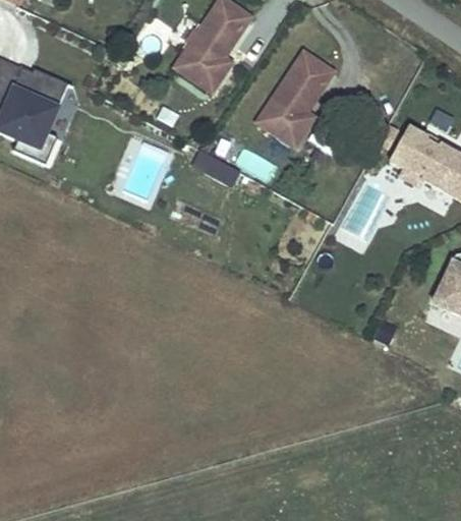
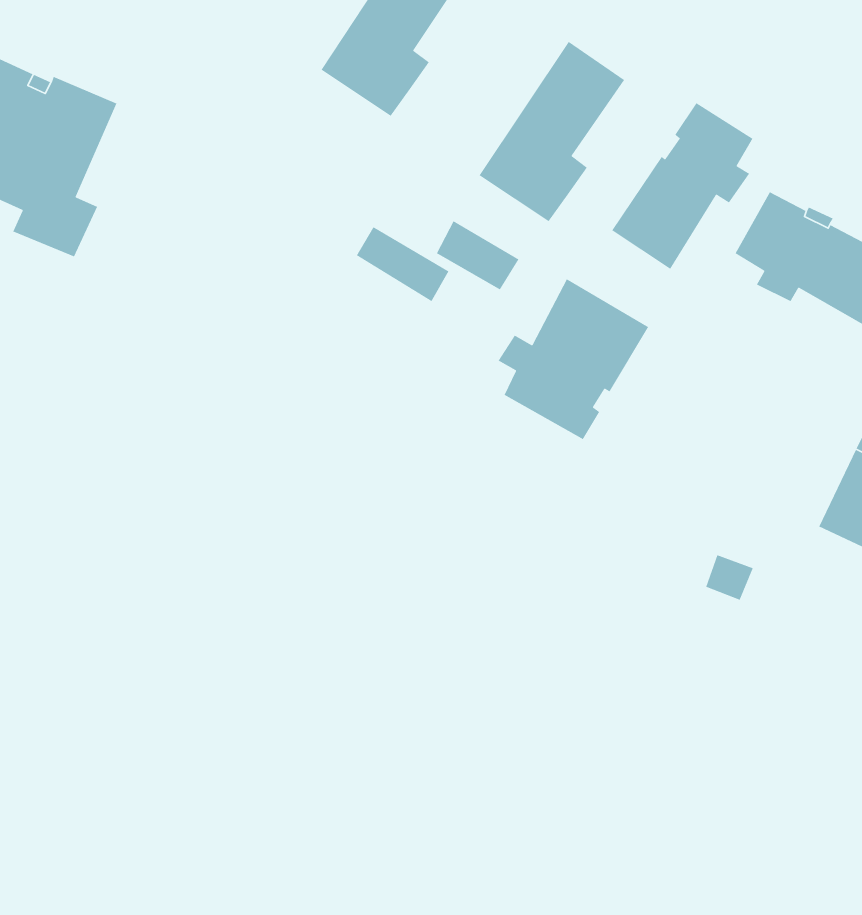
building: none -> [611,102,754,270]
building: none -> [498,278,649,440]

